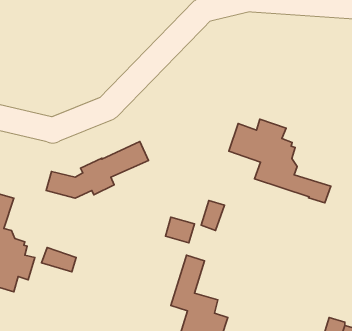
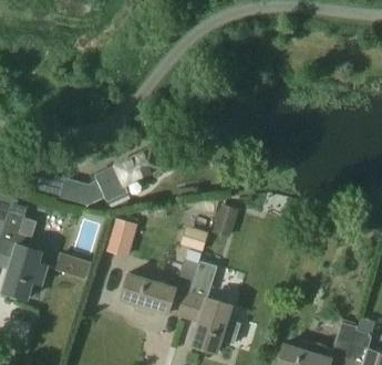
building: [229,119,331,203] -> none
building: none -> [105,218,137,258]
building: none -> [121,259,198,312]

